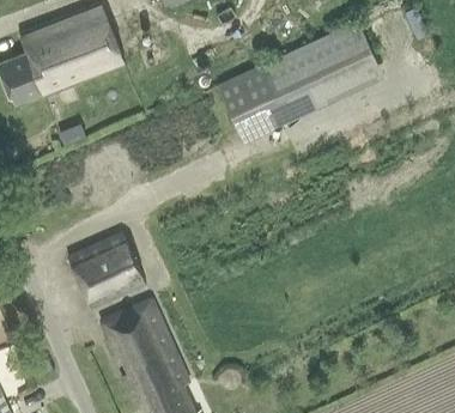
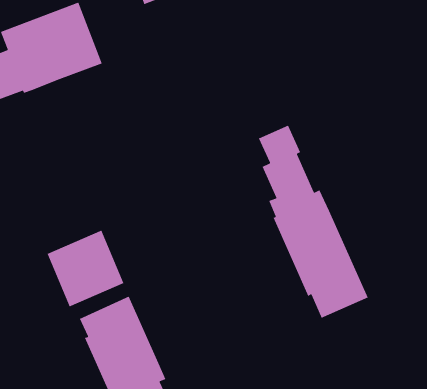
building: [219,19,382,136] -> none
building: none -> [258,124,369,319]

